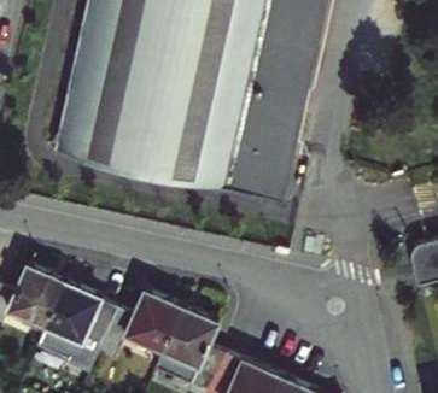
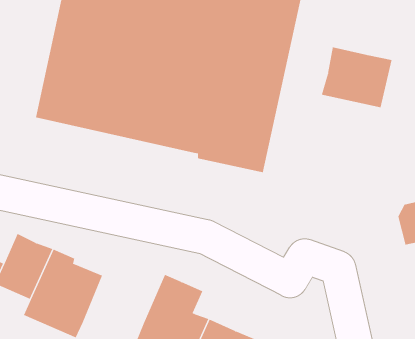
building: none -> [321,46,392,108]
building: [101,295,182,365] -> none

